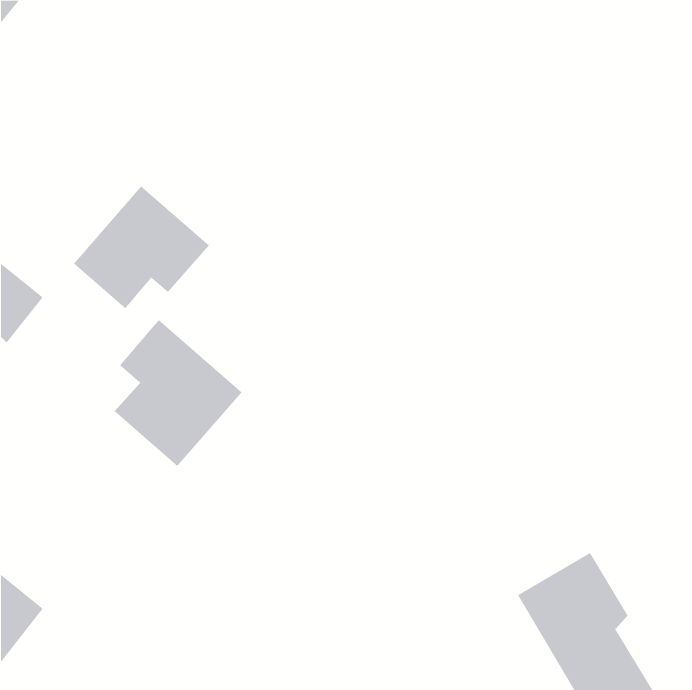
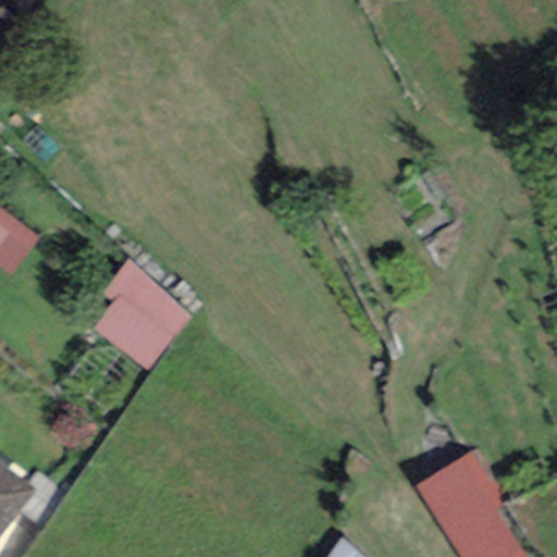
building: [73,186,210,309] -> none

